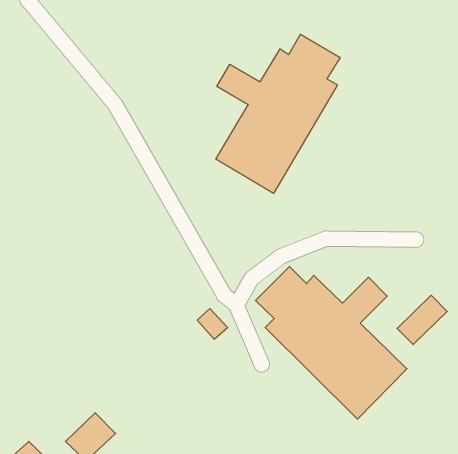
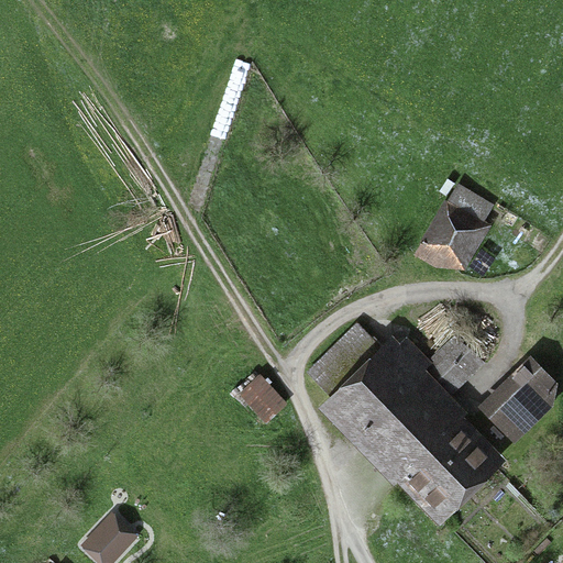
building: [216,34,340,193] -> none
building: none -> [417,189,490,277]

